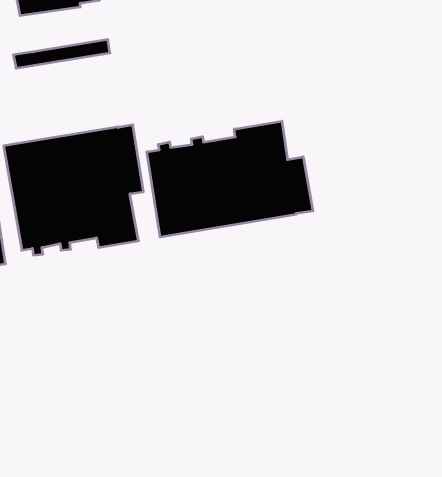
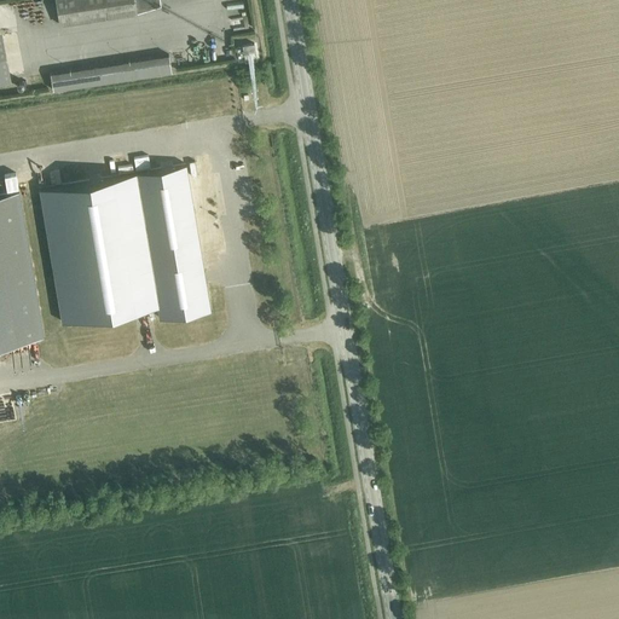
building: [147,121,313,237] -> none

